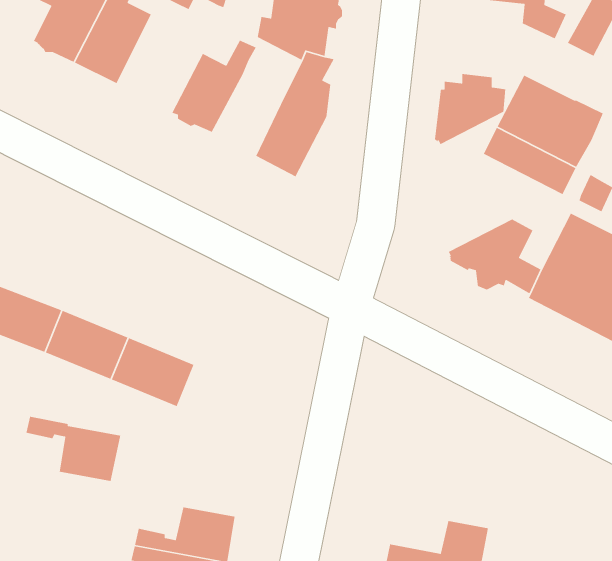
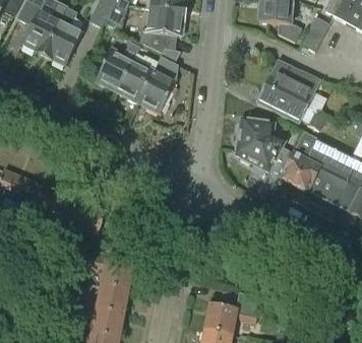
building: none -> [116,52,154,101]
building: [434,73,506,145] -> [236,114,274,151]
building: [26,416,121,482] -> [83,255,133,289]

